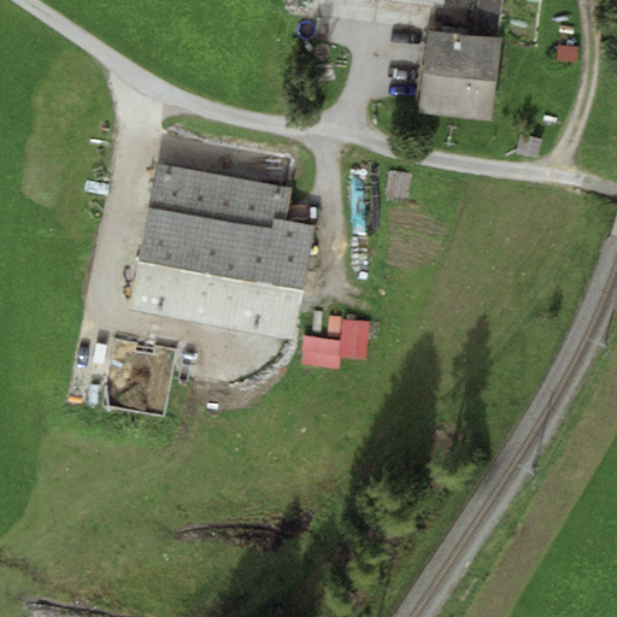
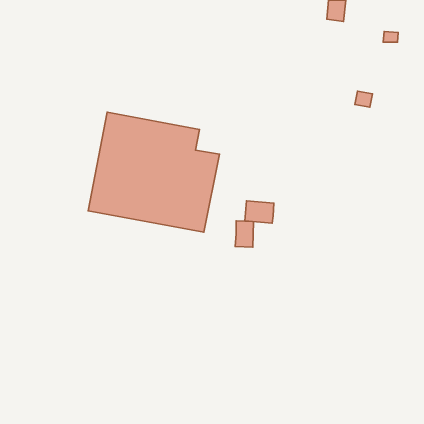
building: [417,31,500,123] -> none
building: [300,336,342,369] -> [245,201,274,223]

